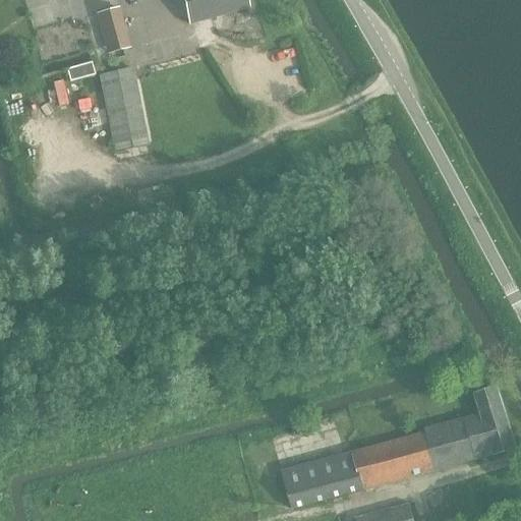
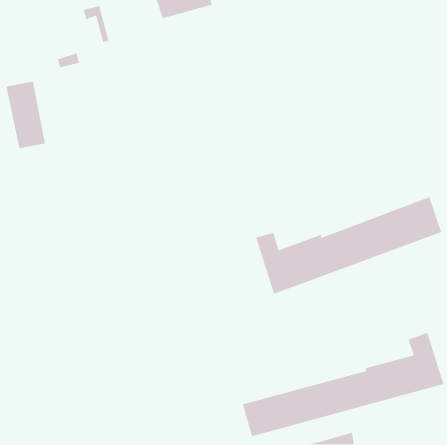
building: [99,68,146,148] -> [6,81,46,149]
building: none -> [255,196,442,295]

